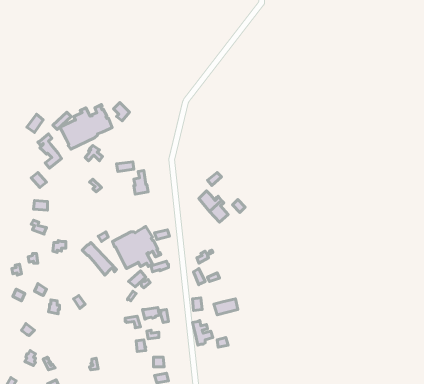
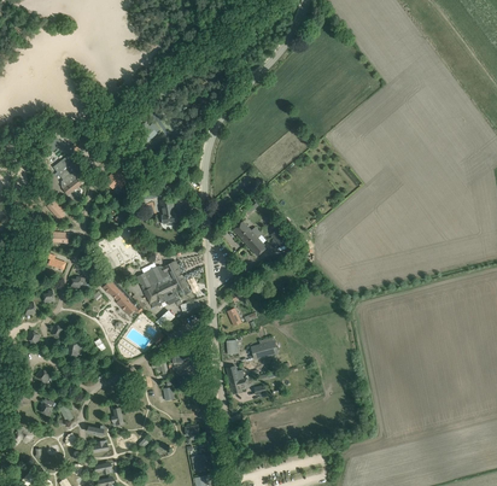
building: [60,104,112,149] -> none

